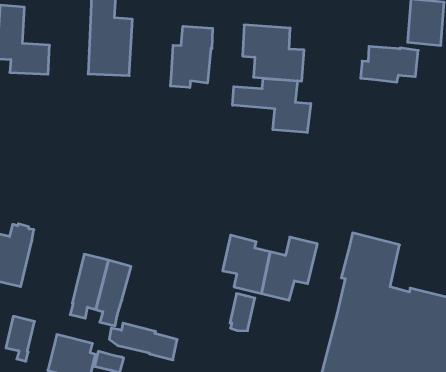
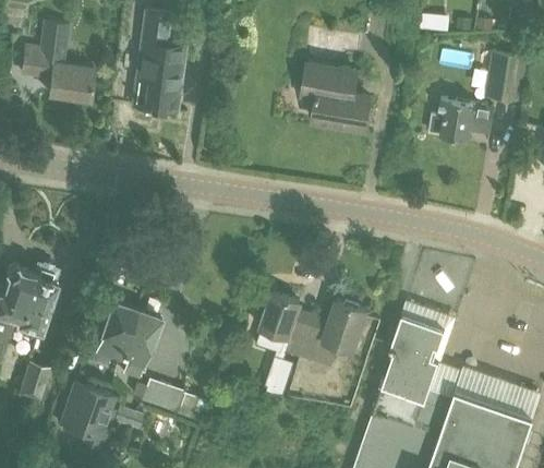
building: [170,26,213,88] -> none
building: [233,79,311,133] -> none

